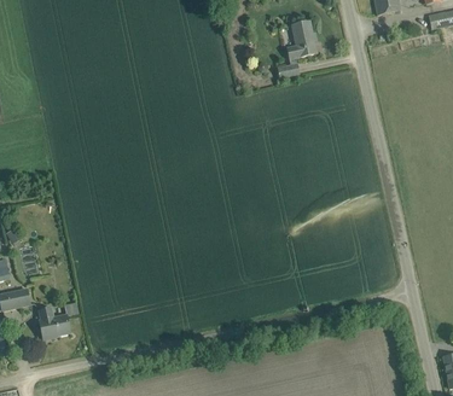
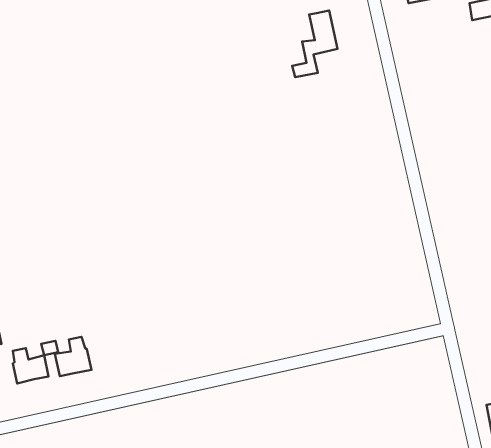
building: none -> [55,337,91,376]

